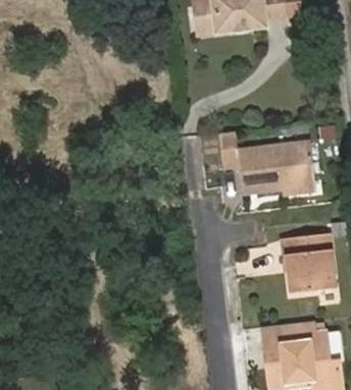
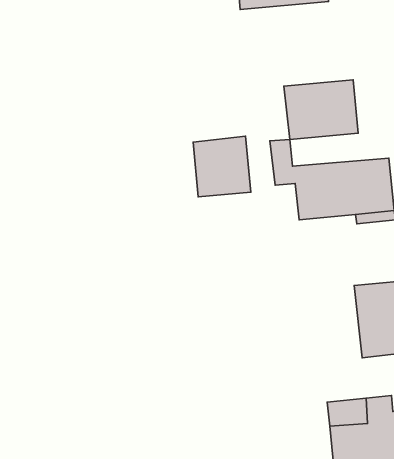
building: none -> [284,80,358,139]
building: none -> [193,136,251,197]

